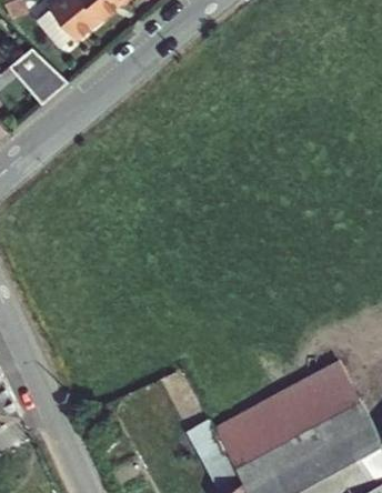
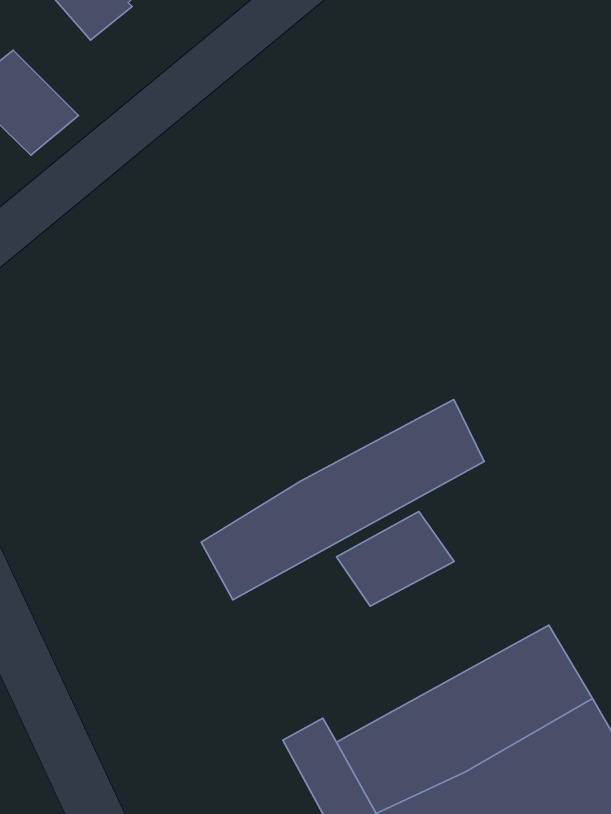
building: none -> [201,400,484,600]
building: none -> [337,512,454,606]

